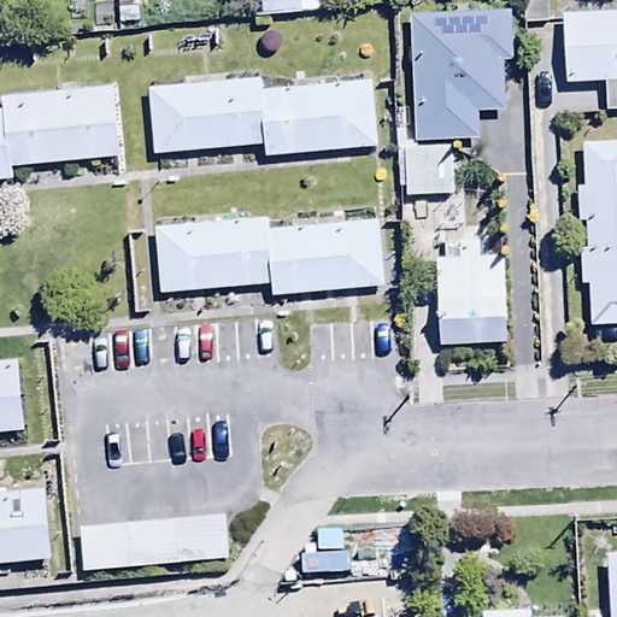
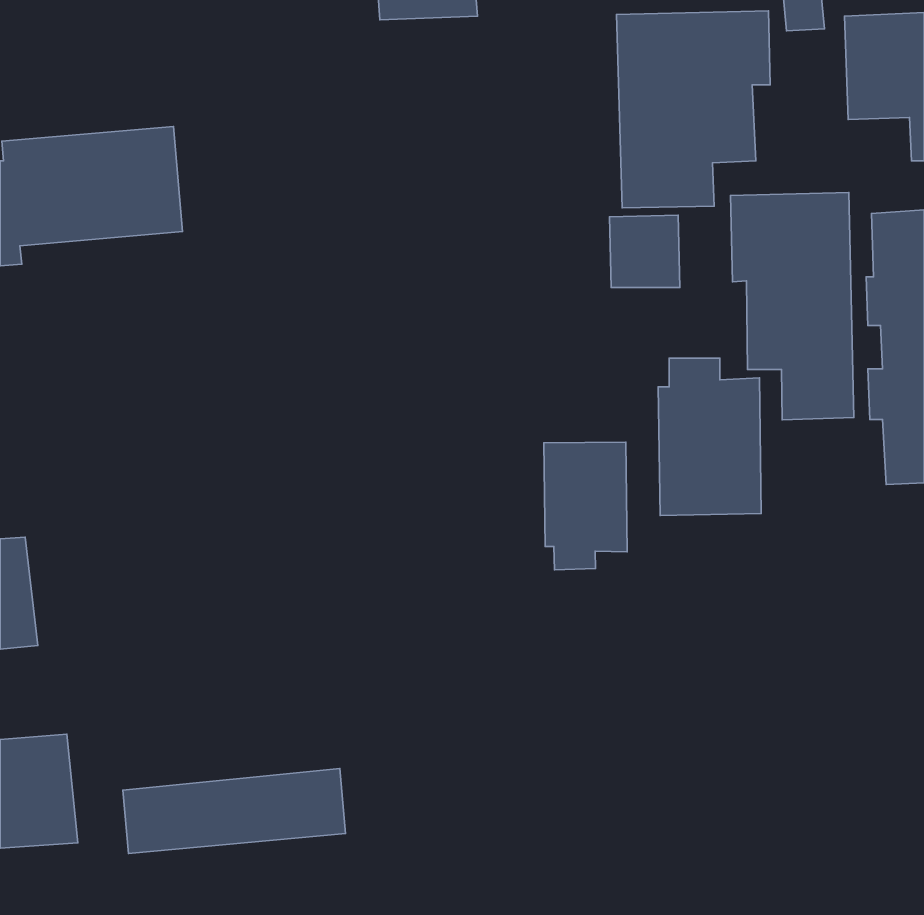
building: [149,75,378,153] -> none
building: none -> [730,193,854,420]
building: [154,208,384,294] -> none
building: none -> [544,442,627,570]

